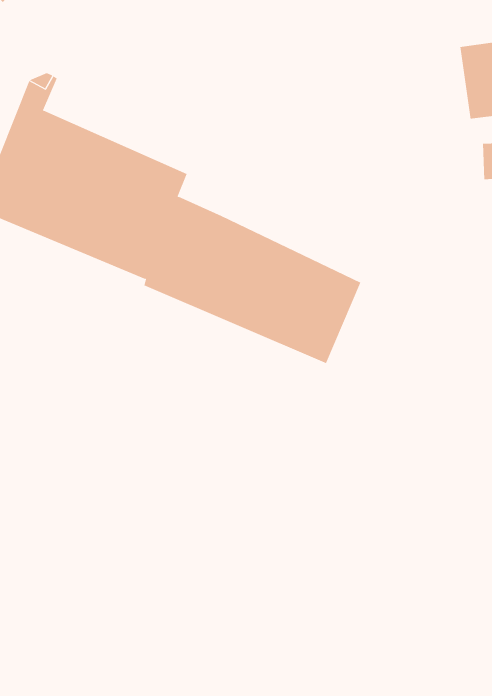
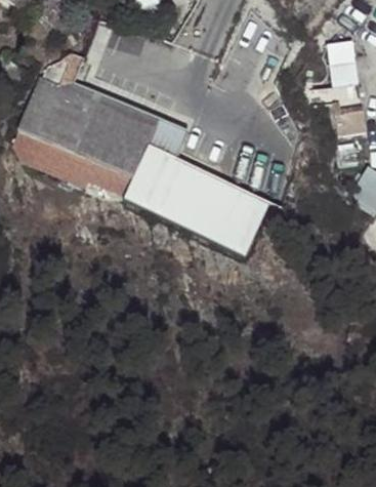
building: none -> [49,51,181,156]

